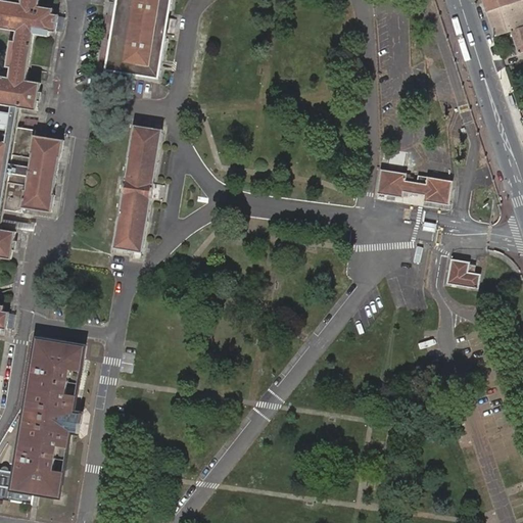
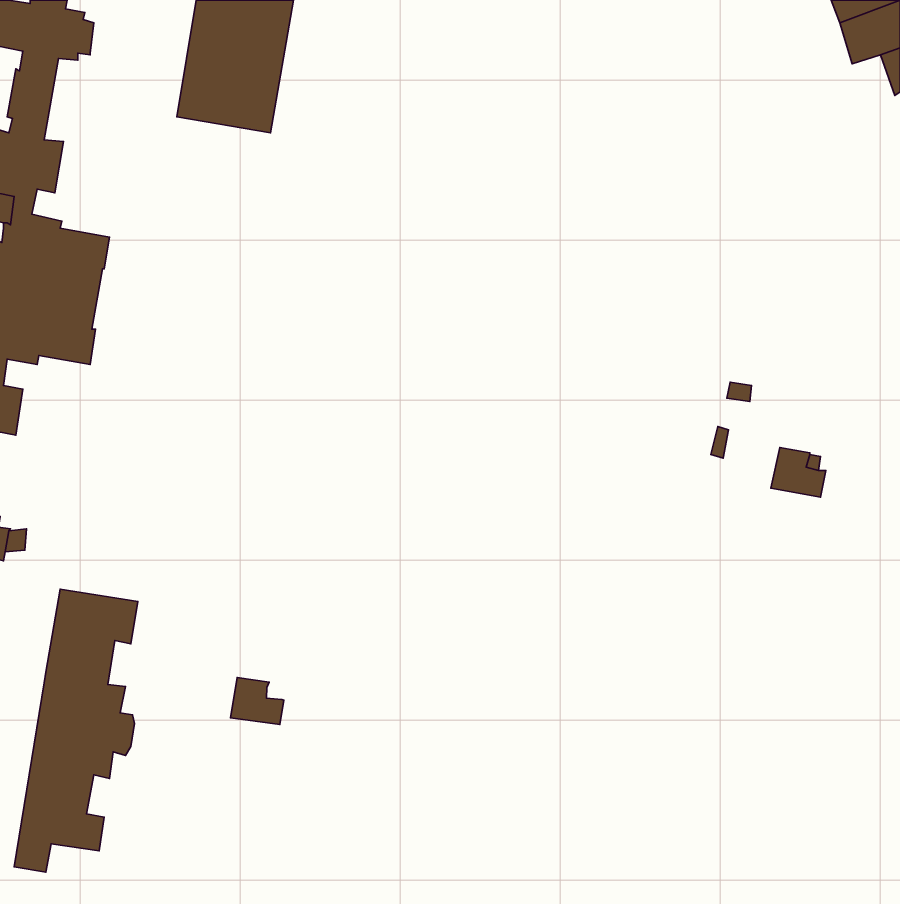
building: [113,118,162,243] -> none
building: [377,171,450,205] -> none
building: none -> [231,678,284,724]

